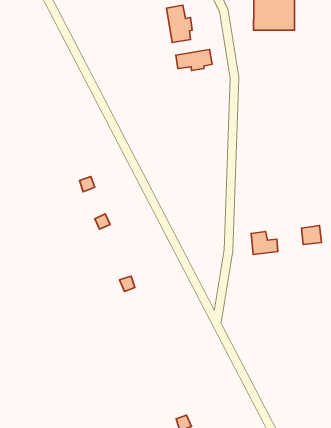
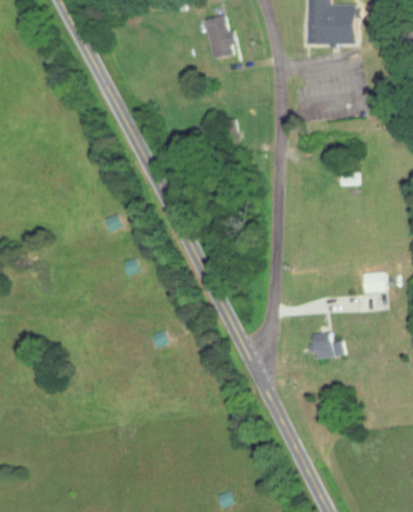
building: [176,50,212,71] -> none
building: [251,232,278,255] -> [313,332,344,359]

